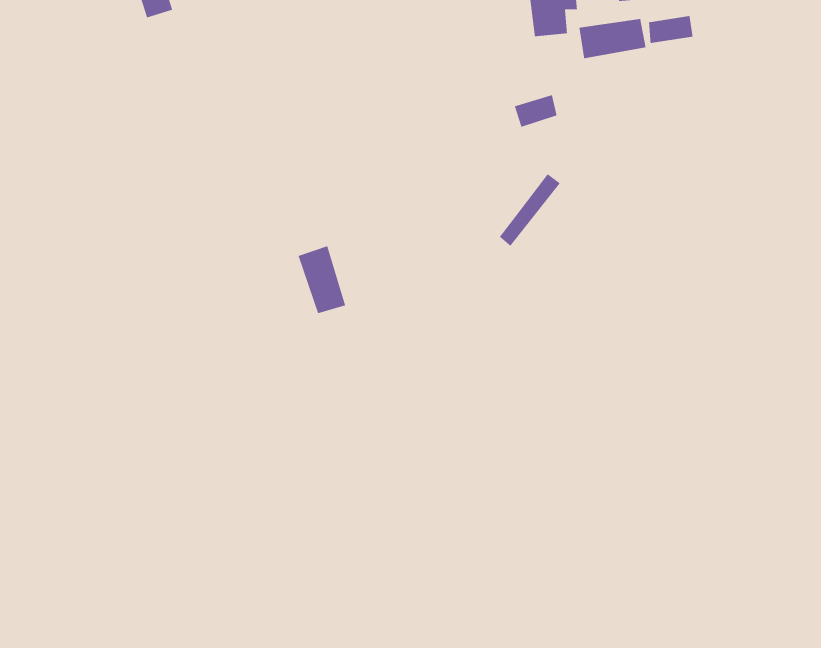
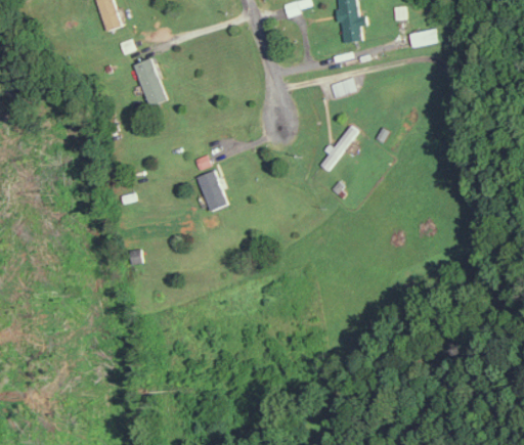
building: [579,18,646,59] -> none
building: none -> [134,58,168,107]

